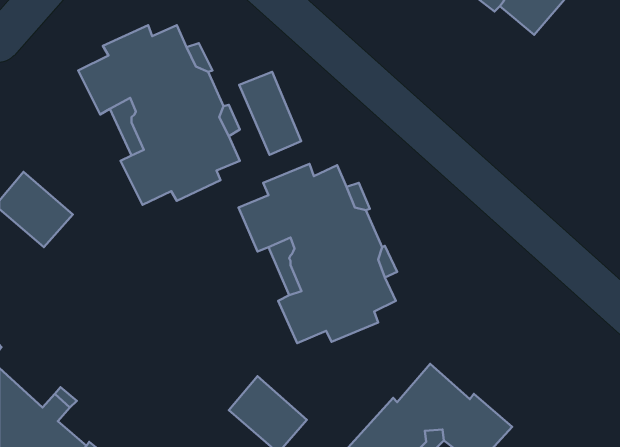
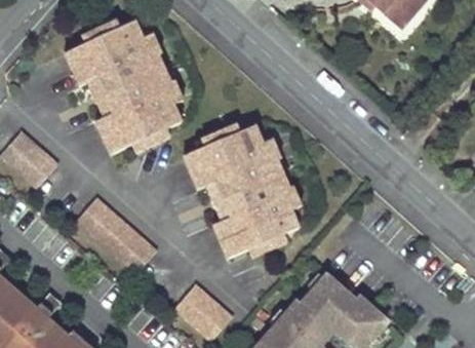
building: [239,72,301,155] -> none
building: none -> [76,197,157,274]

